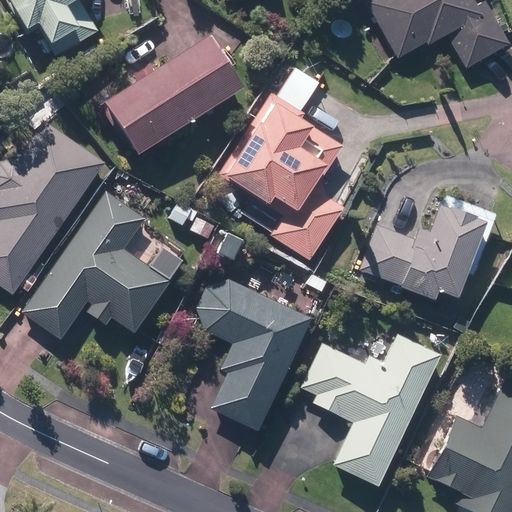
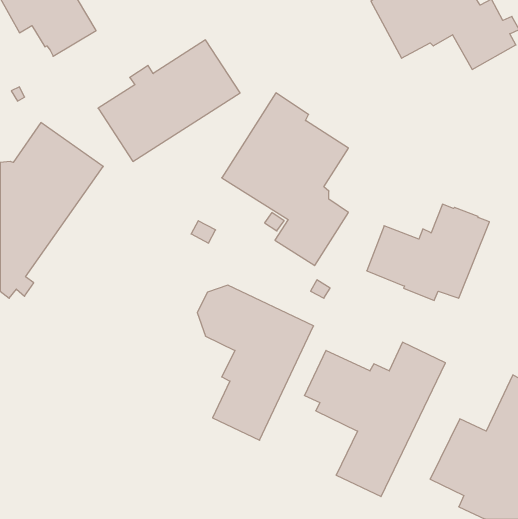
building: [24,190,172,337] -> none

